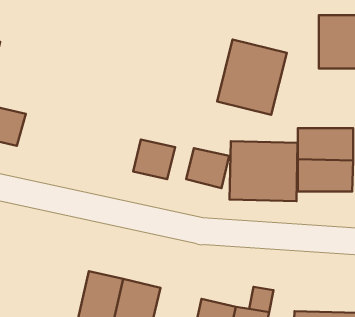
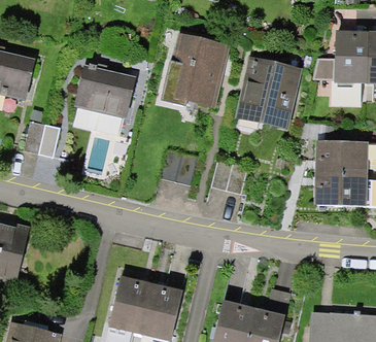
building: none -> [153,38,230,113]
building: none -> [77,70,131,117]
building: [230,141,298,201] -> none

